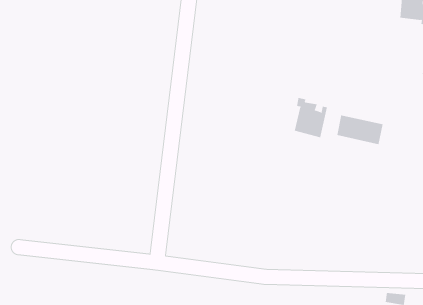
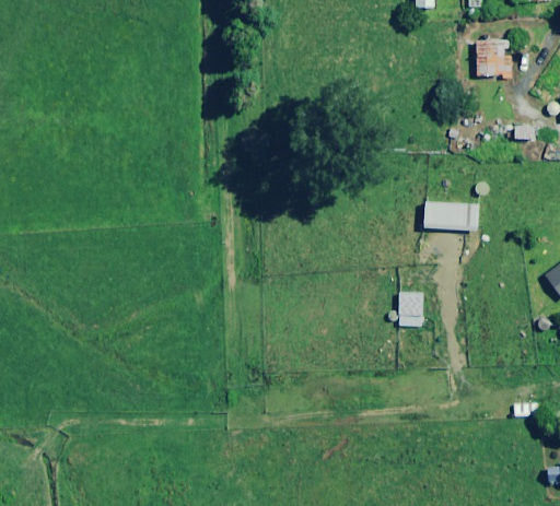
building: [294,97,328,138] -> none
building: none -> [398,292,422,325]

